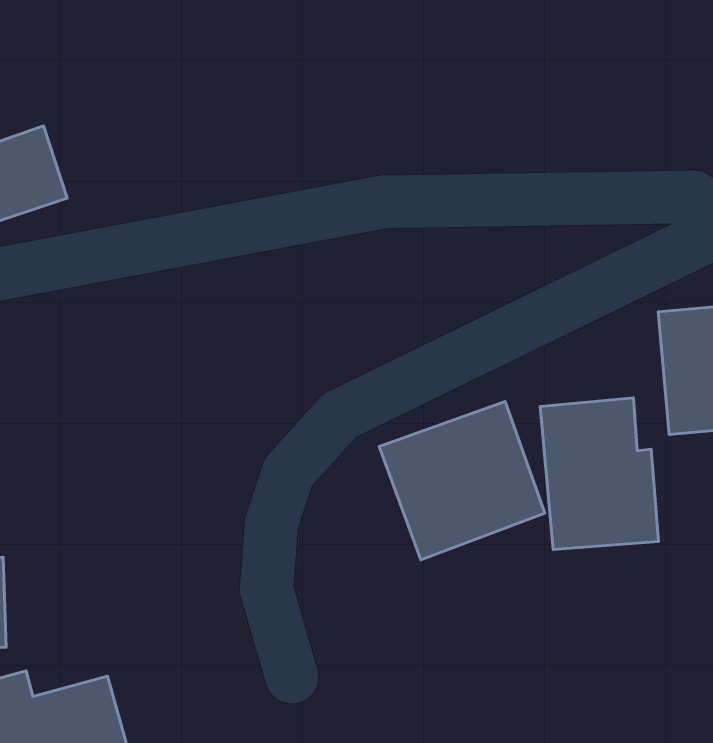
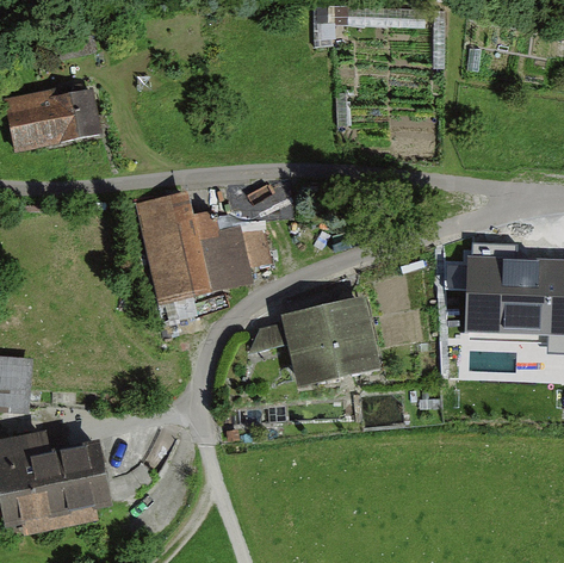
building: none -> [140,196,266,298]
building: [540,398,659,549] -> none

